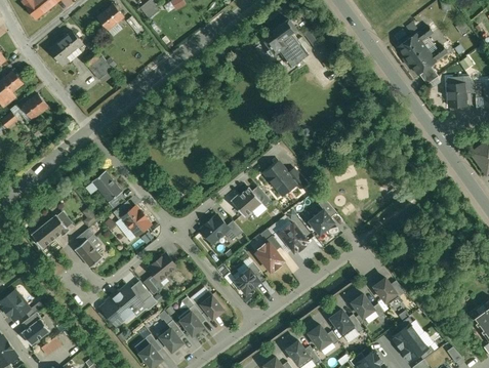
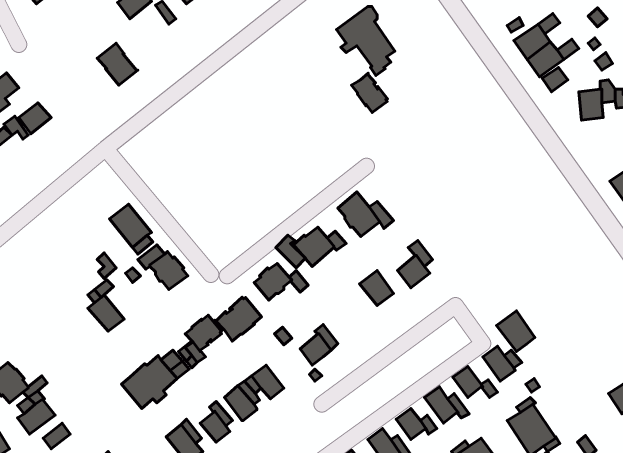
building: [49,31,82,66] -> none
building: none -> [352,73,387,113]
building: [32,214,69,248] -> none
building: [256,238,284,268] -> none
building: none -> [215,297,261,341]
building: none -> [496,311,535,351]

